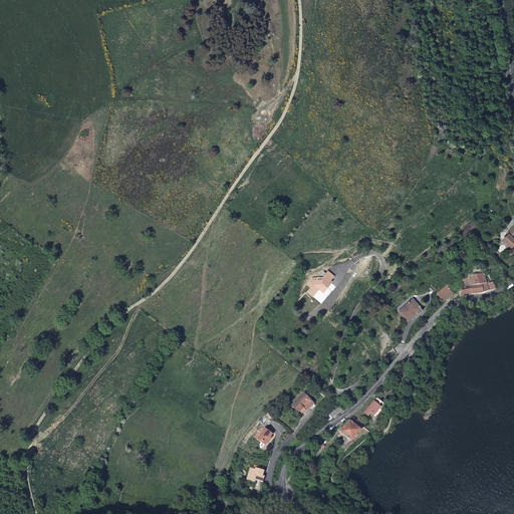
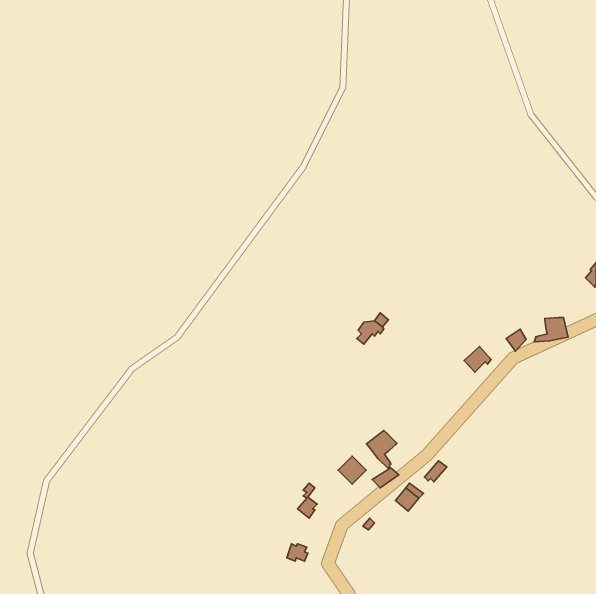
building: none -> [366,431,397,469]

